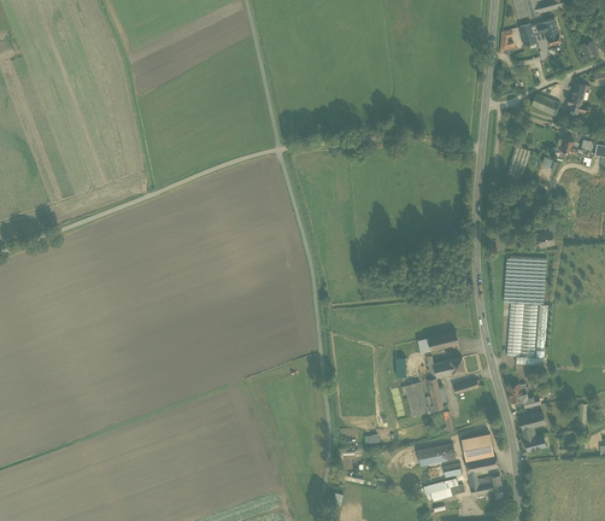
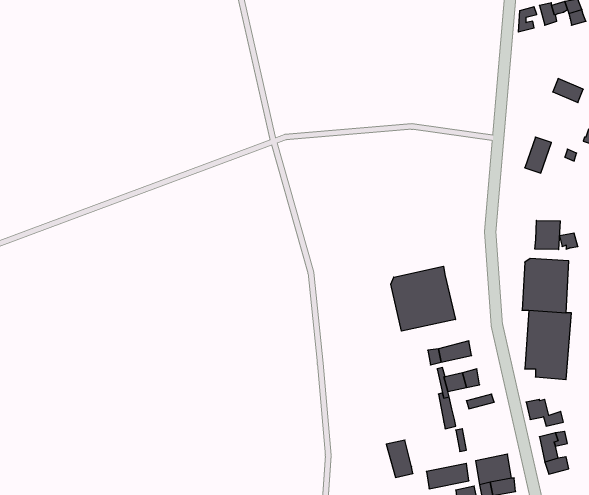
building: none -> [535,220,560,250]
building: none -> [391,266,455,331]
building: [403,380,427,414] -> [386,440,413,477]

